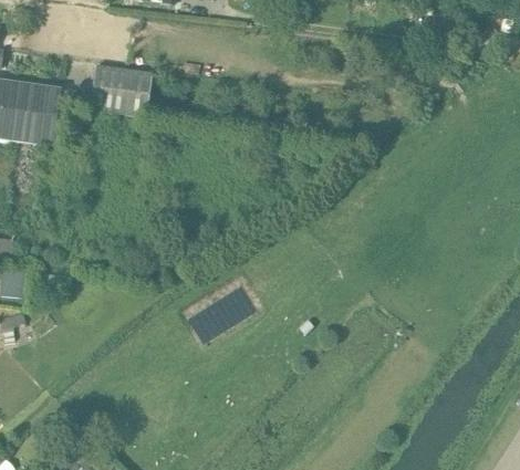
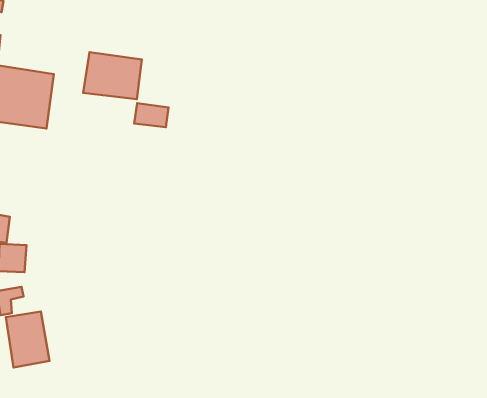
building: none -> [134,103,169,127]
building: none -> [6,311,49,368]

